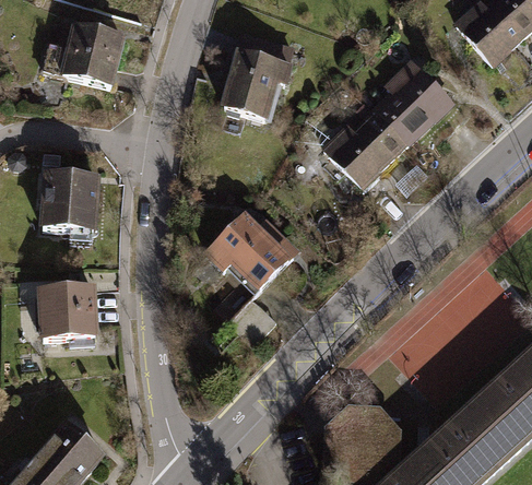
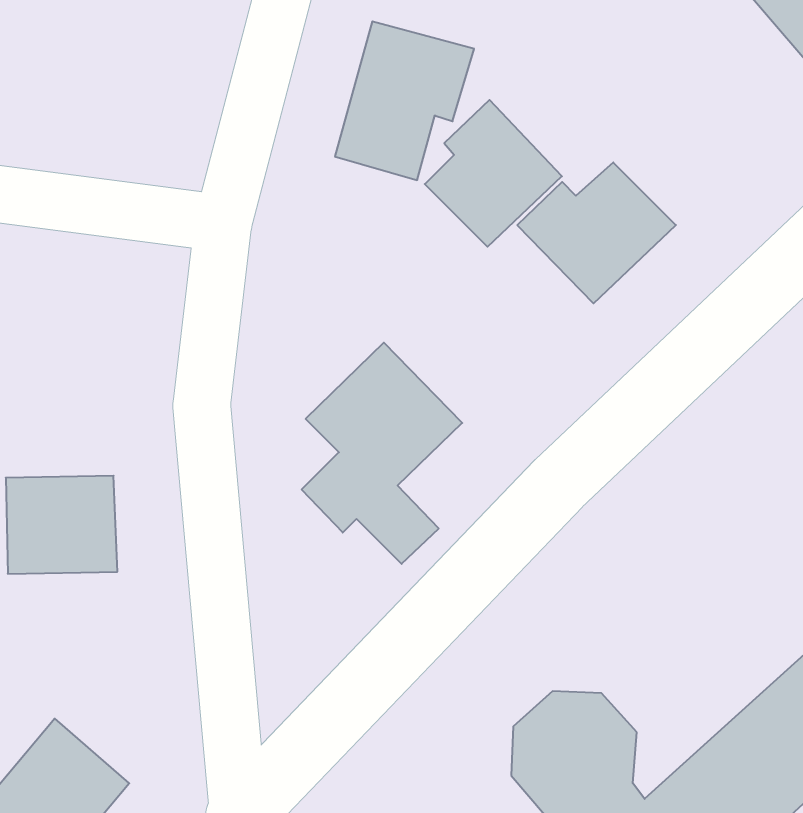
building: [60,25,126,90] -> none
building: [376,63,452,145] -> [425,100,562,247]
building: [42,171,102,232] -> none

